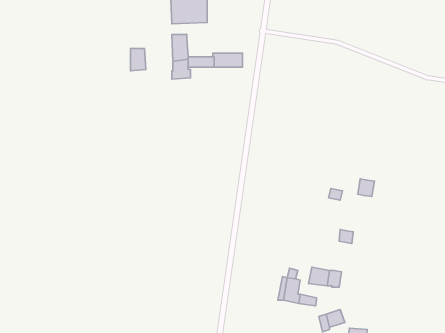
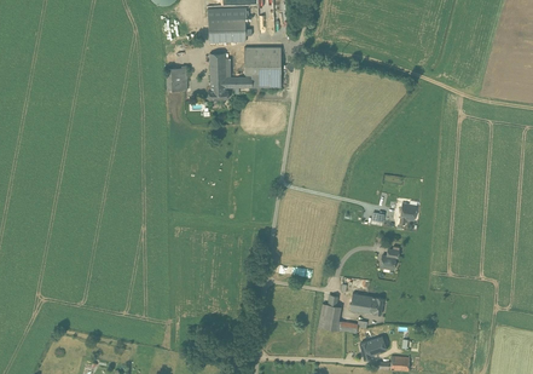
building: none -> [244,47,282,73]

